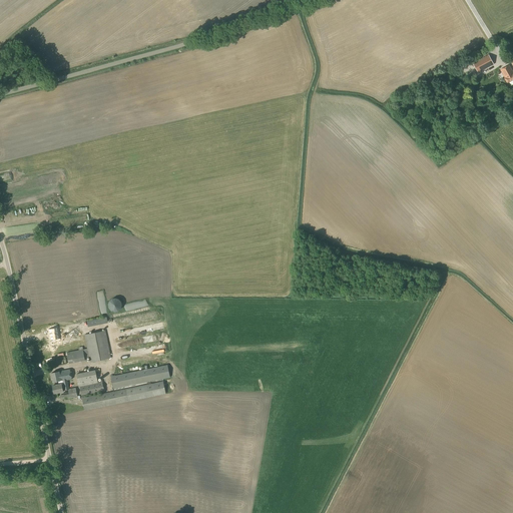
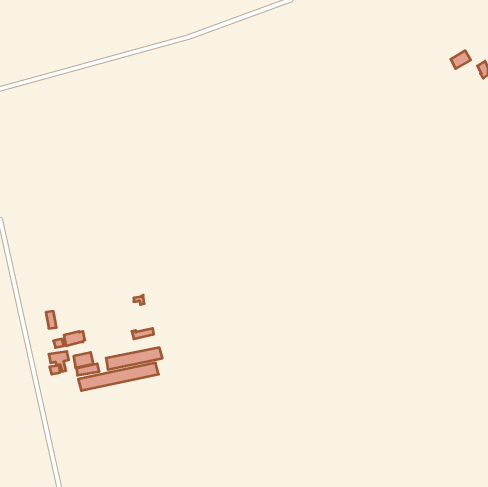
building: [85,330,110,361] -> none

